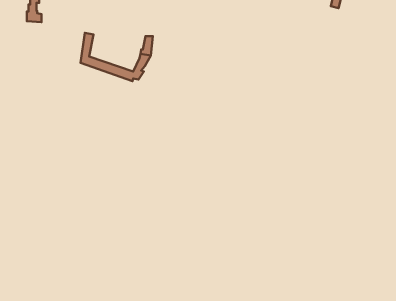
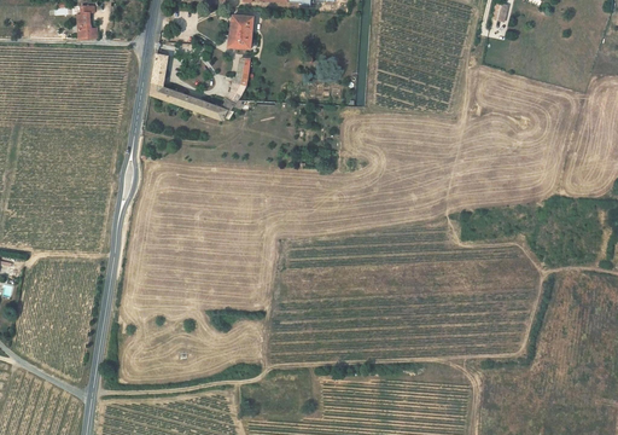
building: none -> [227,16,253,50]

